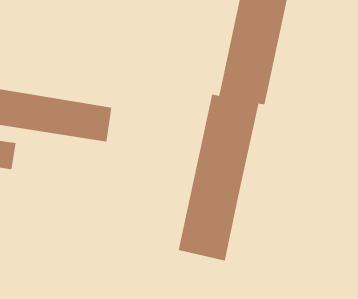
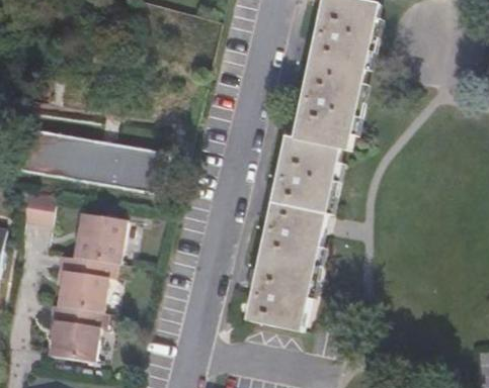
building: none -> [52,207,130,356]

